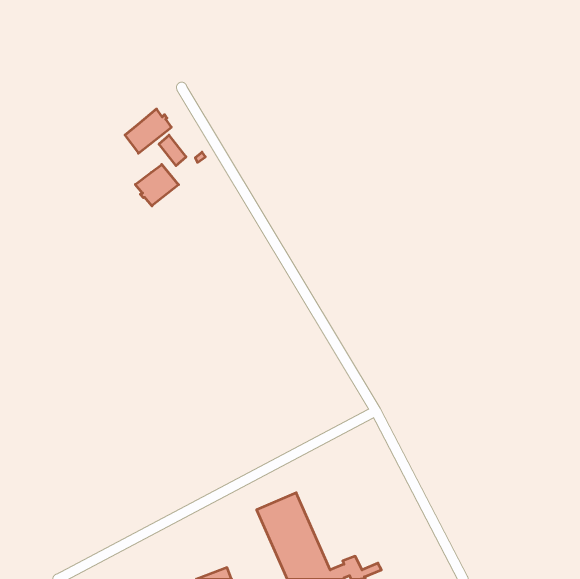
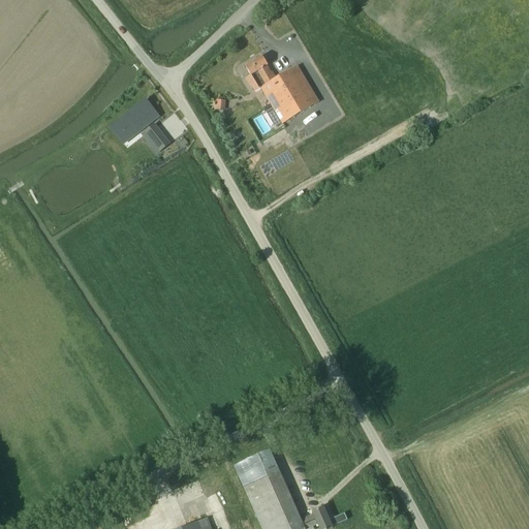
building: none -> [245,55,319,123]
building: [135,164,179,206] -> none

